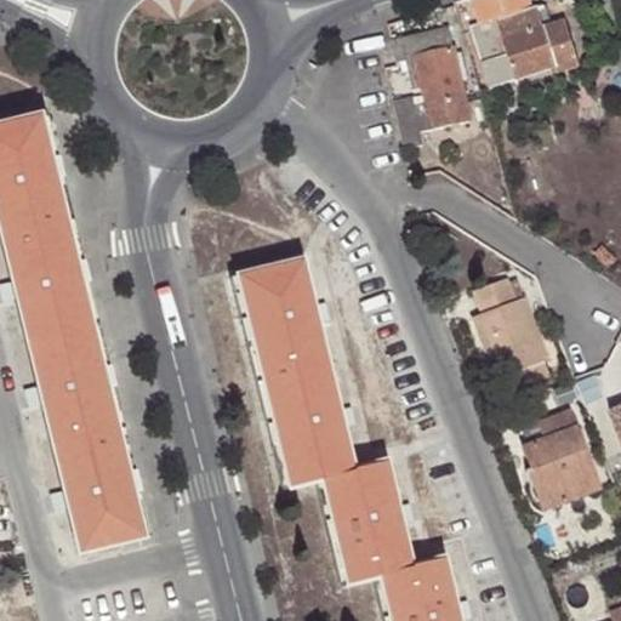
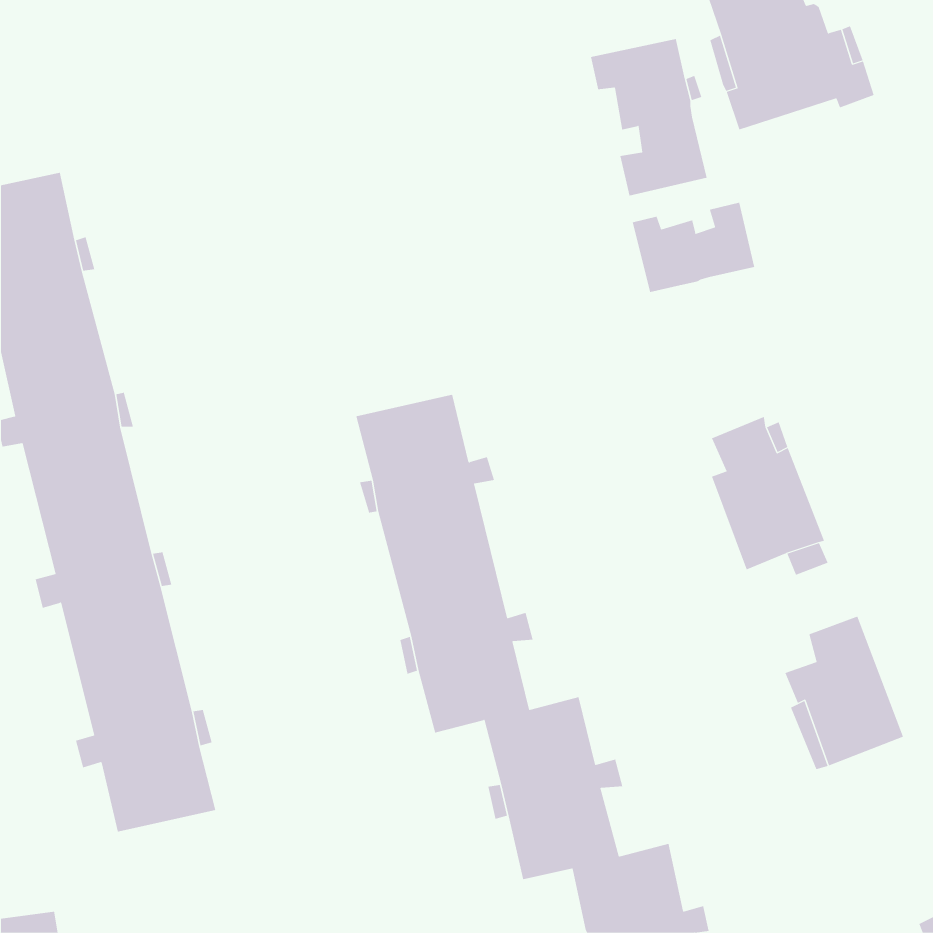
building: none -> [632,202,755,293]

